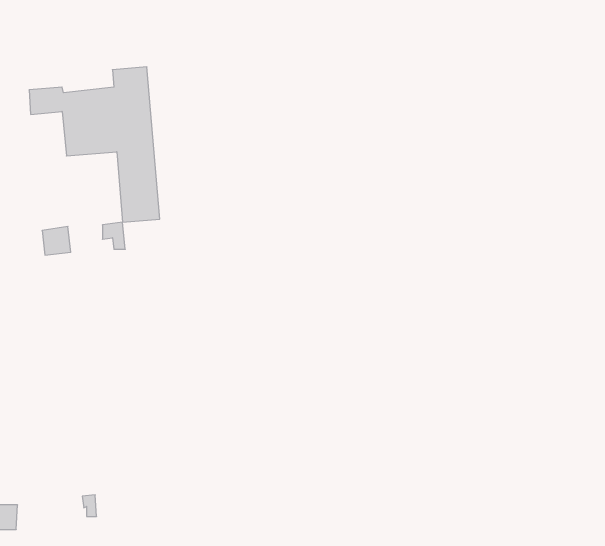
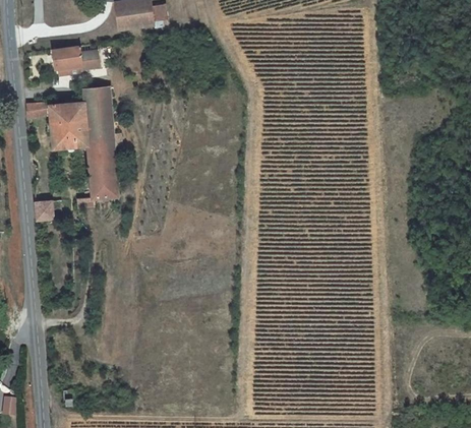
building: none -> [53,46,97,72]

